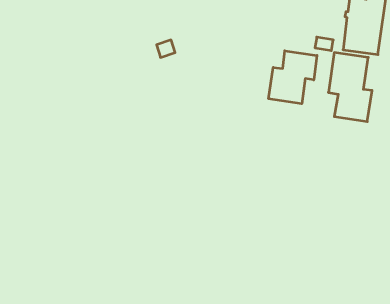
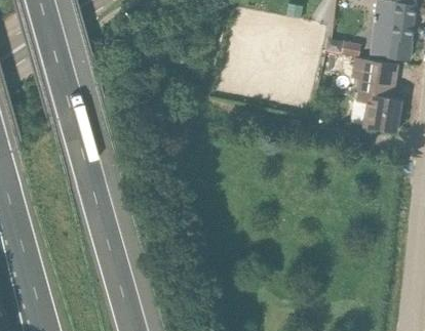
building: [269,51,317,104] -> none

